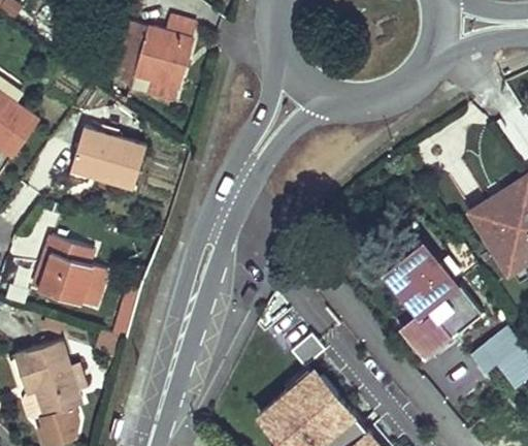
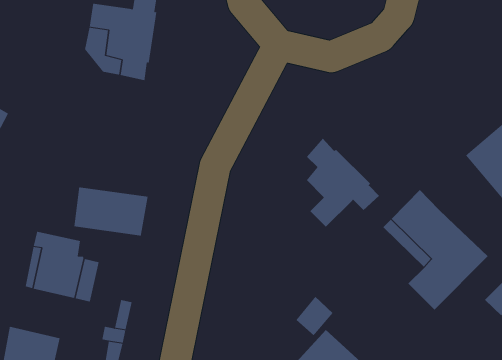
building: [71,127,146,182] -> [74,187,149,236]
building: none -> [306,138,380,228]

